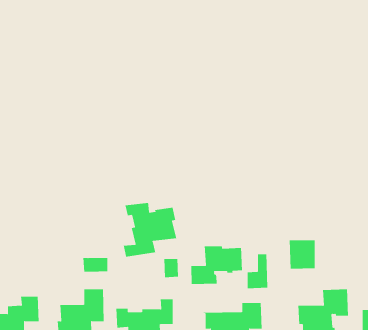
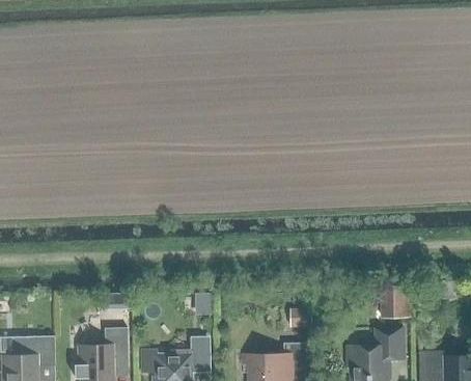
building: [123,202,177,257] -> none
building: [289,240,315,269] -> [380,285,410,319]
building: [191,245,242,285] -> none

